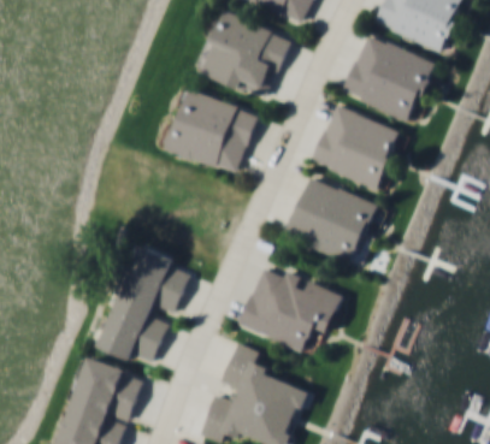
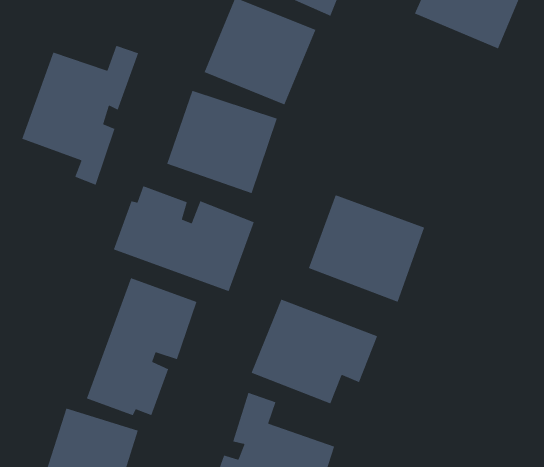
building: [341,32,437,123] -> none
building: none -> [21,45,139,186]
building: [311,103,401,190] -> none
building: none -> [113,185,255,292]

